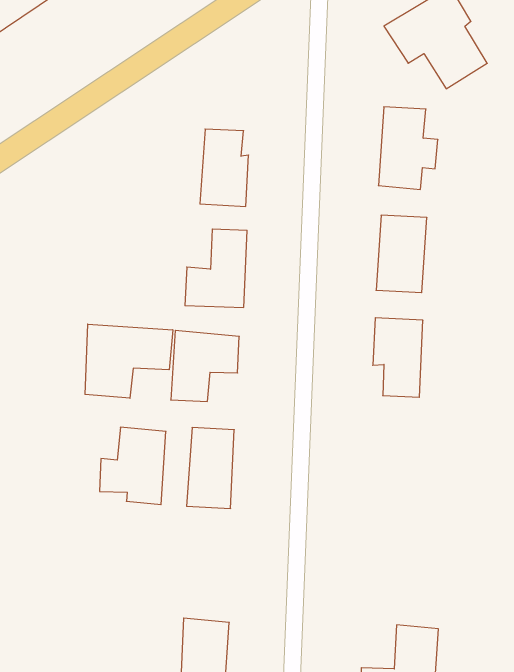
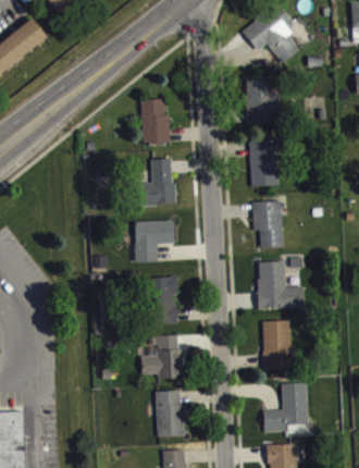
building: [85,324,173,398] -> none
building: none -> [258,262,304,309]
building: [100,427,166,505] -> [141,336,180,380]
building: none -> [263,321,292,369]

